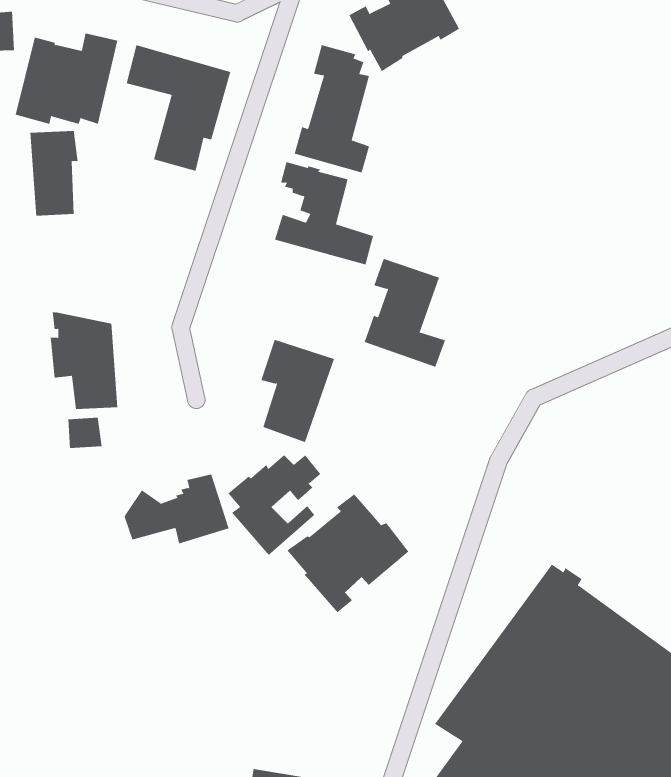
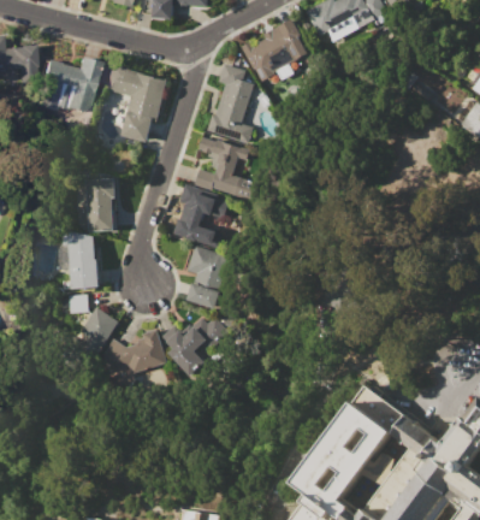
building: [30,130,78,216] -> [85,178,115,231]
building: [364,258,446,367] -> [172,182,223,249]
building: none -> [79,306,119,354]
building: [287,493,409,613] -> none

